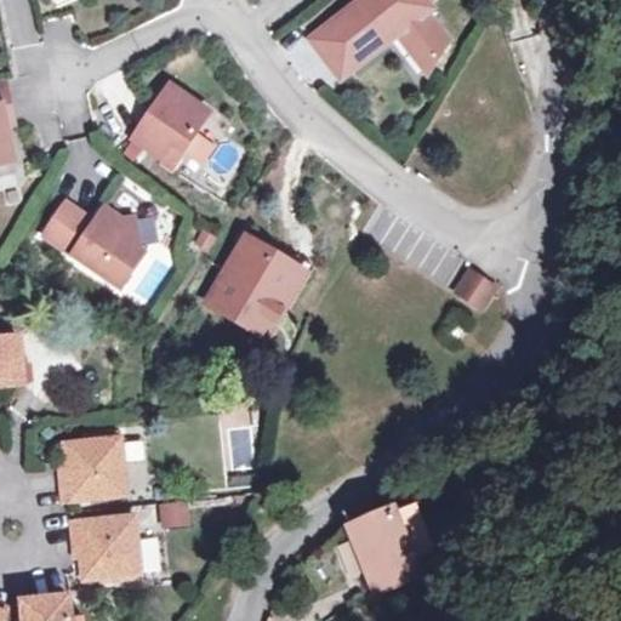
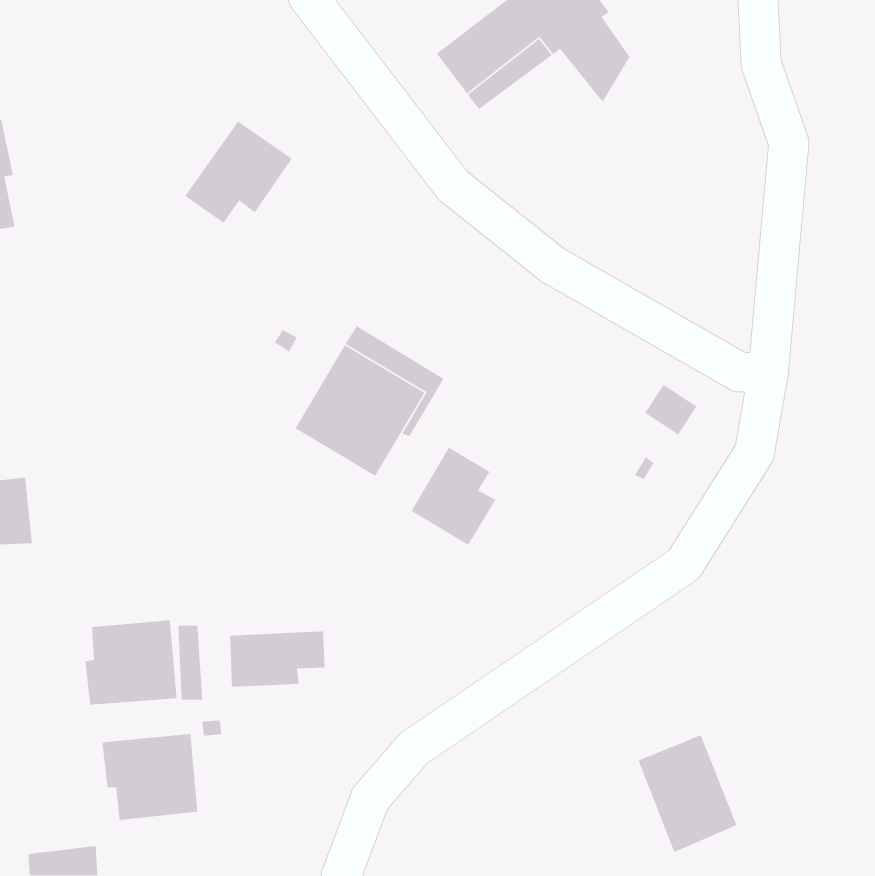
building: [41,203,141,286] -> none
building: none -> [411,446,496,546]
building: none -> [229,631,326,687]
building: [348,507,418,591] -> [638,734,737,853]

